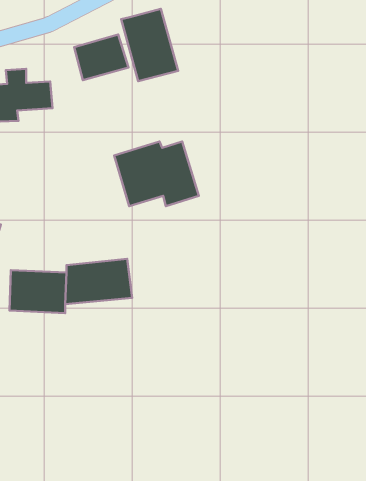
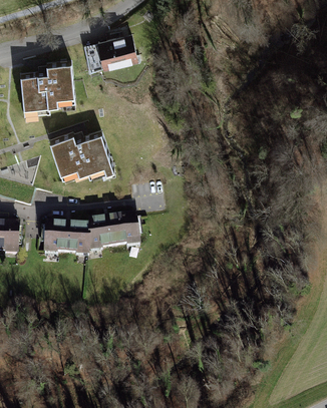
building: [121,9,178,81] -> none
building: [114,141,199,206] -> [46,126,113,177]

